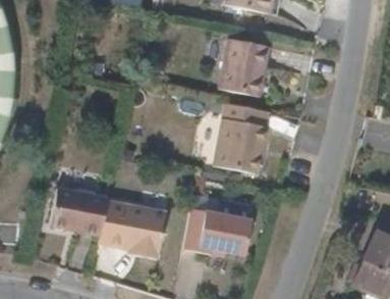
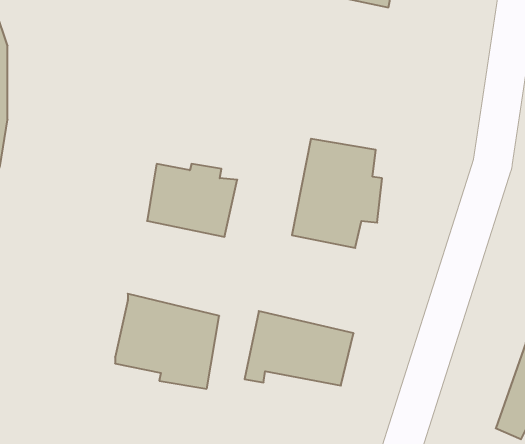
building: [218,34,271,92] -> none
building: [47,193,105,240] -> [147,164,237,237]

